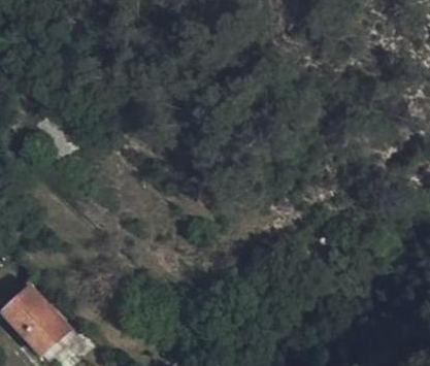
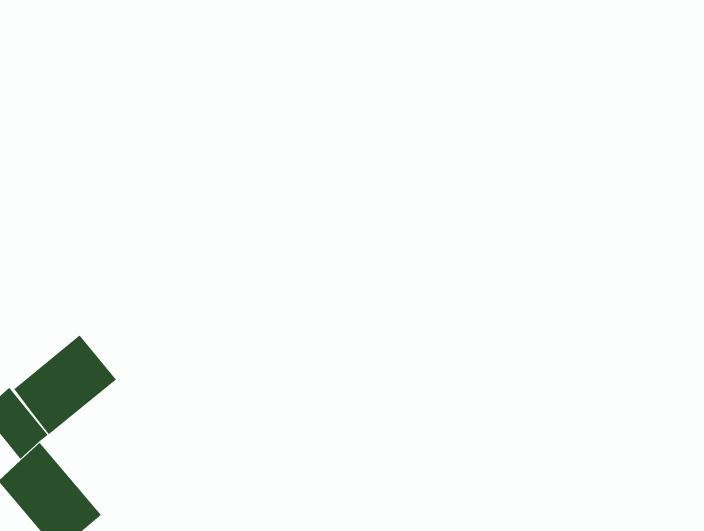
building: none -> [13,335,117,435]

